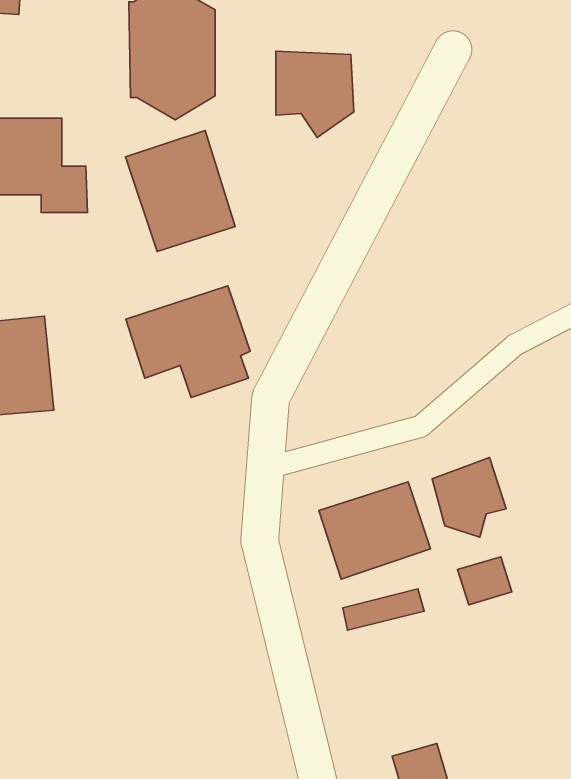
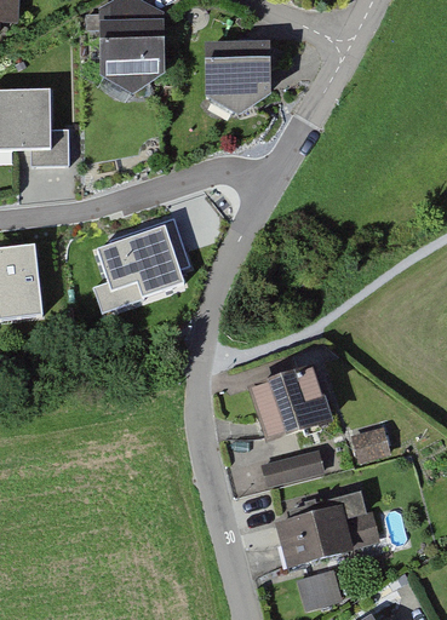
building: [126,131,235,252] -> none
building: [432,457,506,537] -> none
building: none -> [274,489,378,567]

